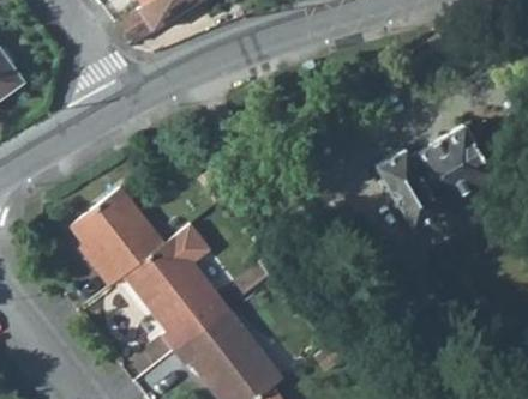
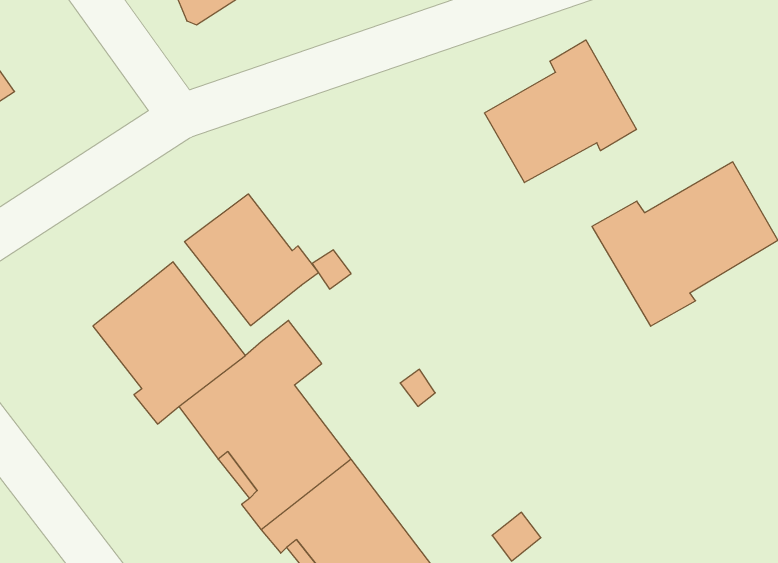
building: none -> [484,40,636,183]
building: none -> [185,194,319,326]

